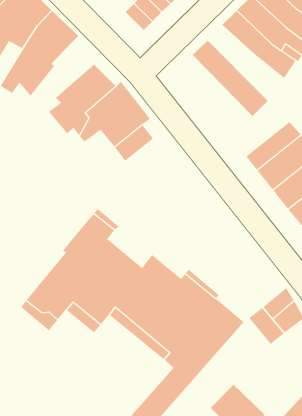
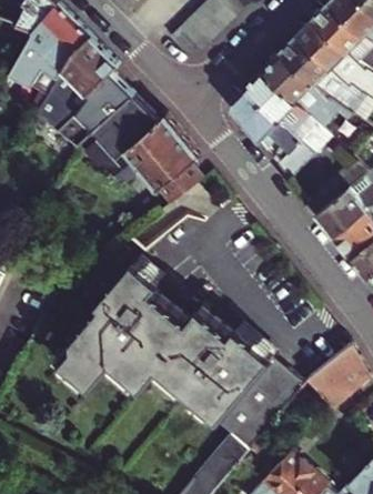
building: none -> [261,53,351,129]
building: none -> [63,73,134,150]
building: none -> [230,87,311,180]

